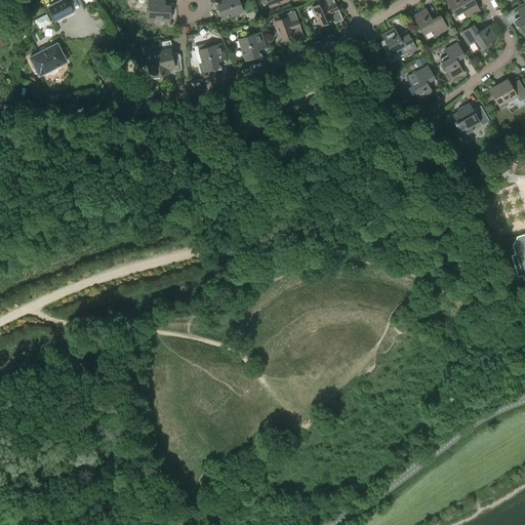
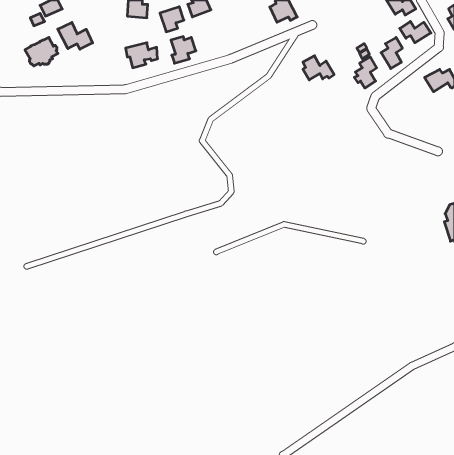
building: [413,9,448,36] -> none
building: [274,10,305,40] -> none
building: none -> [58,22,93,49]
building: [381,28,417,55] -> [303,56,334,80]
building: [239,32,267,60] -> [160,7,184,32]
building: [453,103,490,137] -> none

